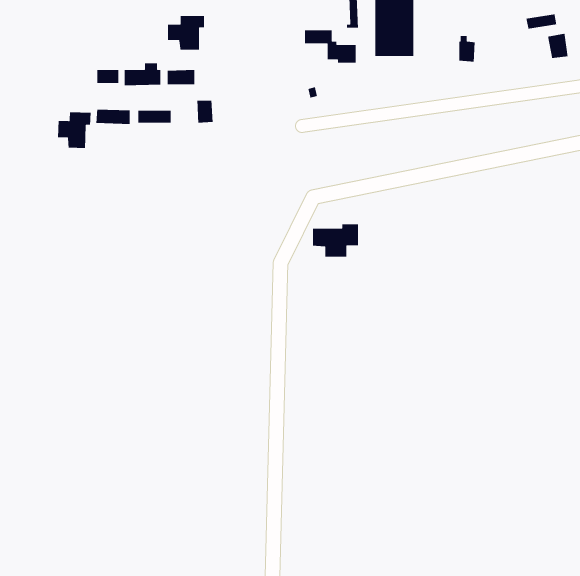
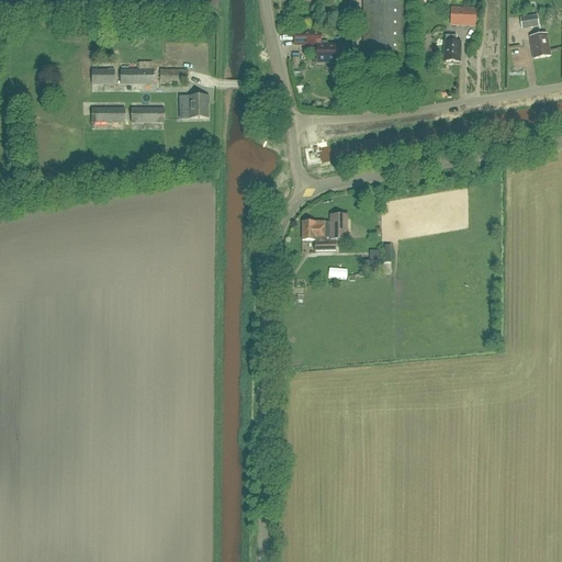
building: none -> [450,5,475,24]
building: [167,15,205,50] -> none
building: [57,111,91,149] -> none

